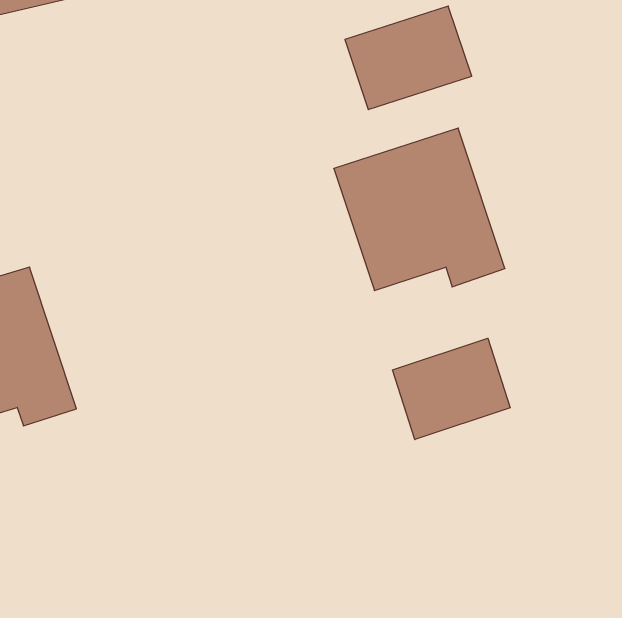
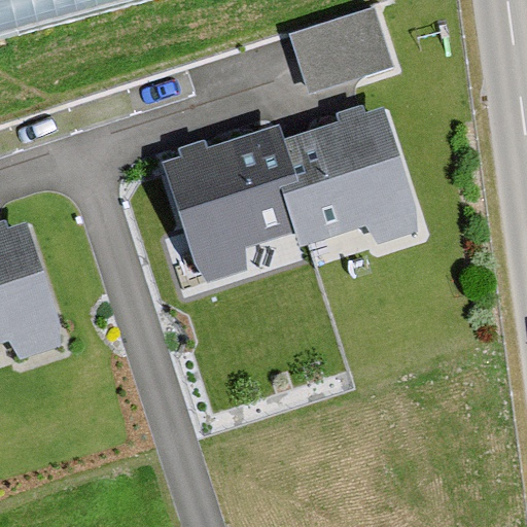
building: none -> [163,128,310,285]
building: [393,338,510,440] -> none

